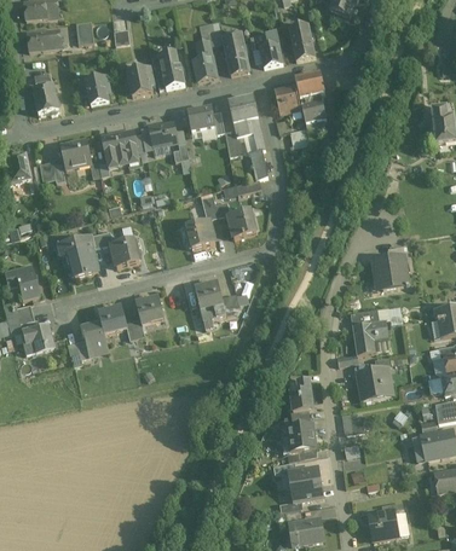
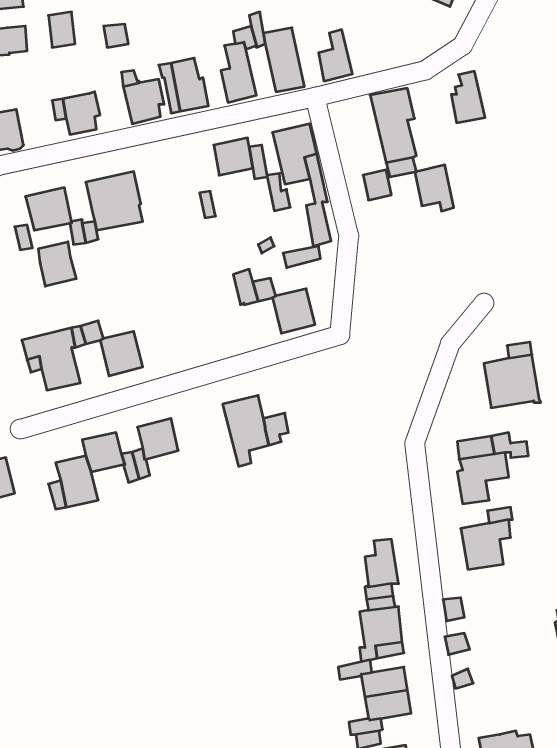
building: [292,24,314,59] -> [451,71,485,123]
building: [275,86,301,117] -> [415,165,454,211]
building: [148,120,178,146] -> none
building: none -> [39,242,76,286]
building: [185,218,214,248] -> none

